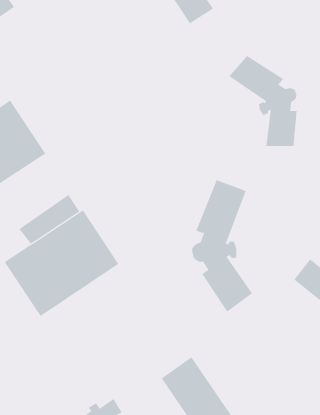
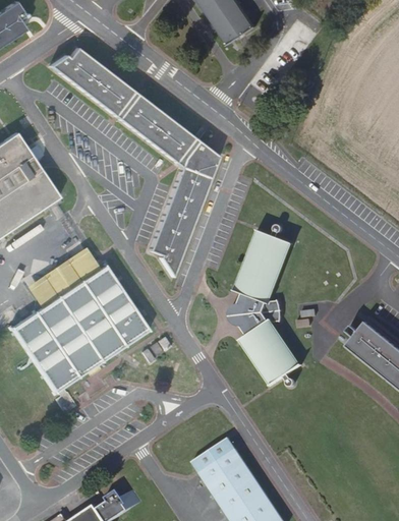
building: none -> [54,49,221,277]
building: [228,55,297,147] -> none

